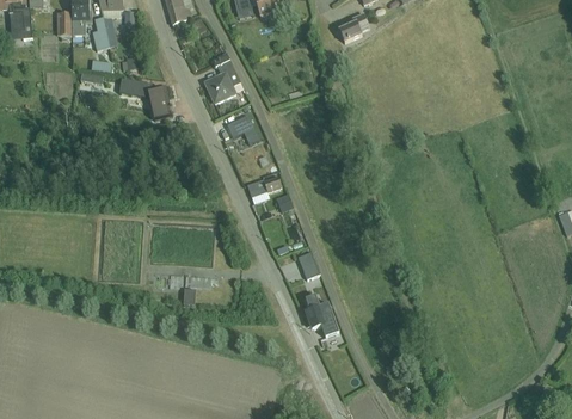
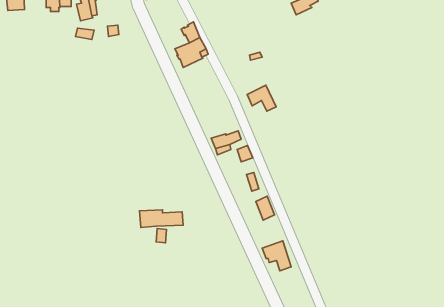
building: [118,79,168,119] -> none
building: [226,115,259,144] -> [247,85,276,111]

